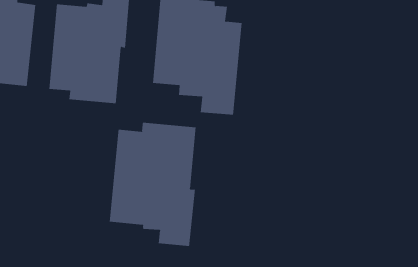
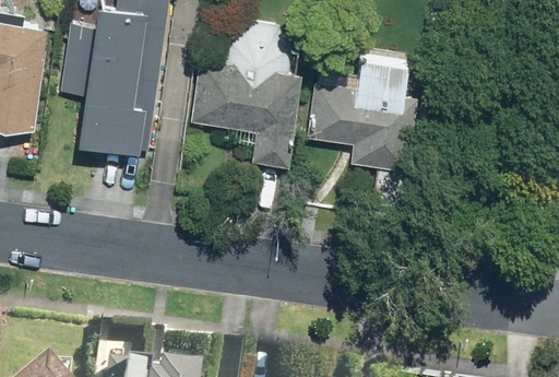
building: none -> [310,60,416,169]
building: [109,122,196,247] -> none

